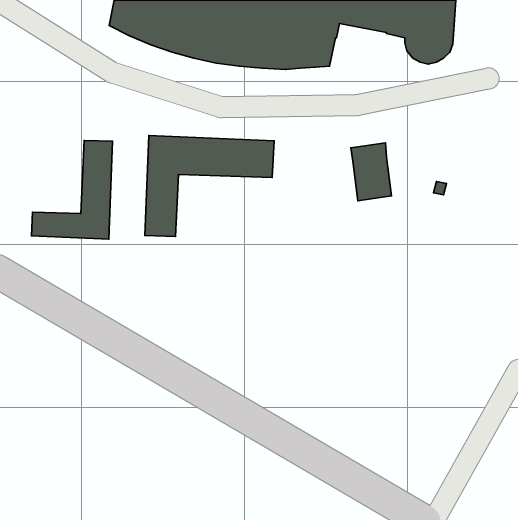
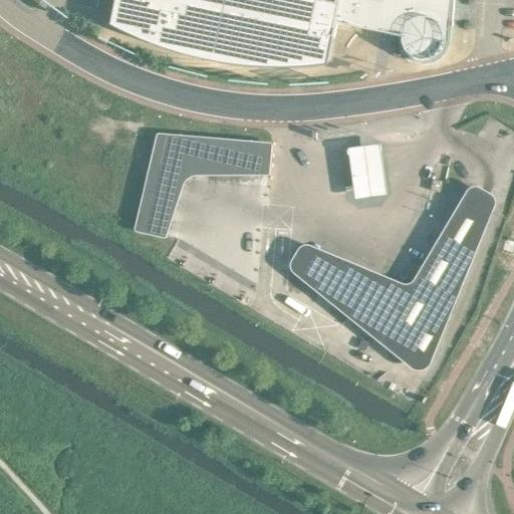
building: [32,140,113,239] -> none
building: none -> [289,186,494,371]

